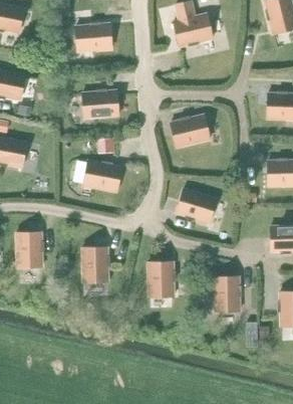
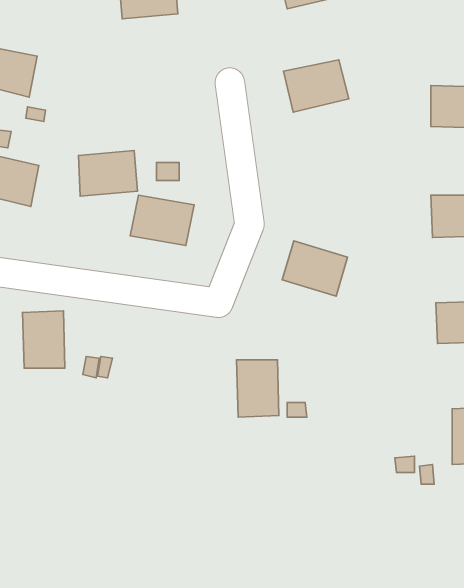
building: [82,89,118,118] -> [79,151,137,196]
building: [170,115,210,147] -> [283,60,349,112]
building: [82,246,107,281] -> none
building: [214,275,240,311] -> none

